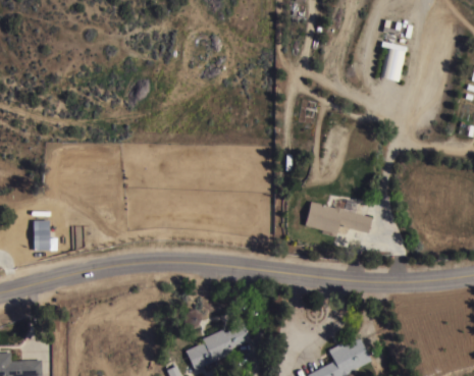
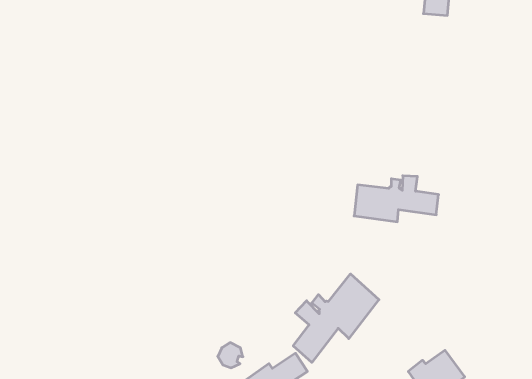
building: [34,211,57,251] -> none
building: none -> [293,274,379,362]

